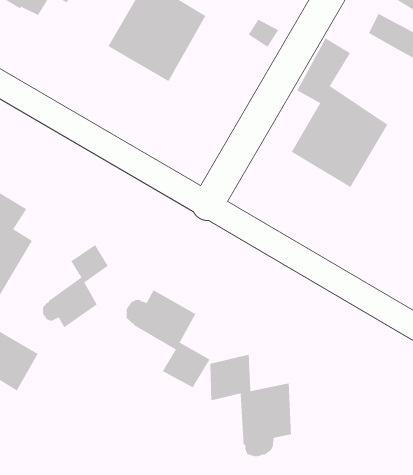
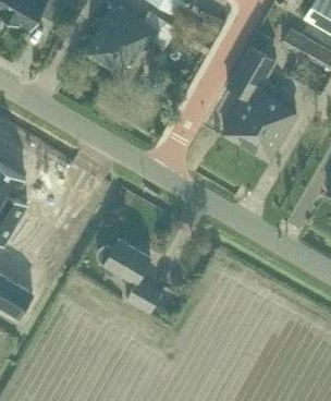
building: [43,244,109,328] -> none
building: [210,354,292,457] -> none

